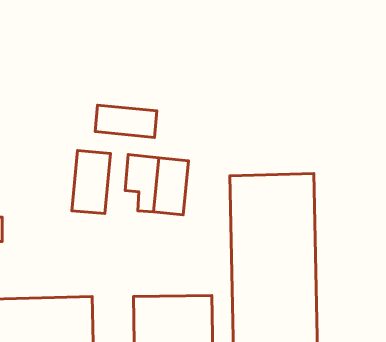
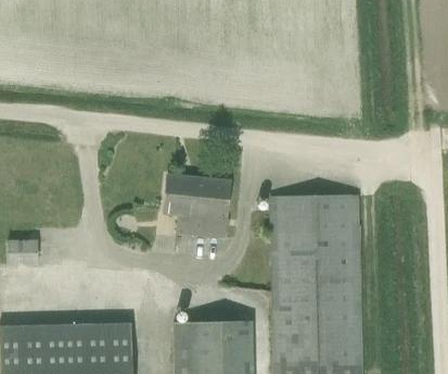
building: [95,105,157,137] -> none
building: [72,150,111,214] -> none

